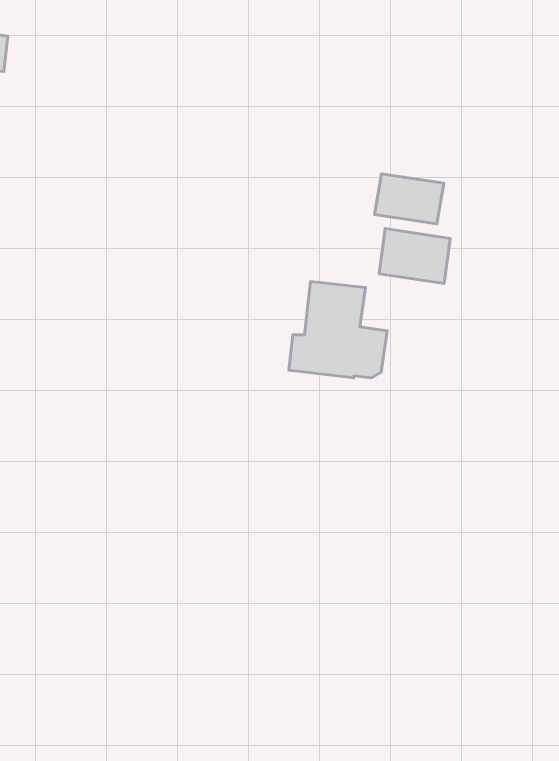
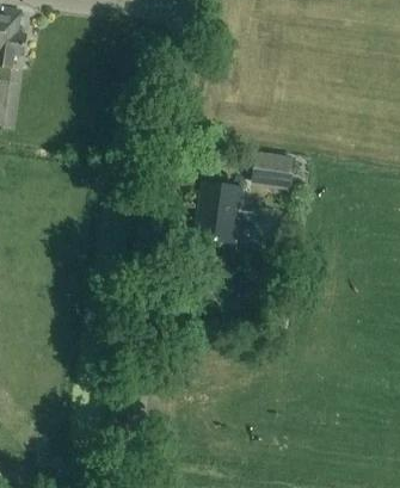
building: [374,174,444,224] -> none

